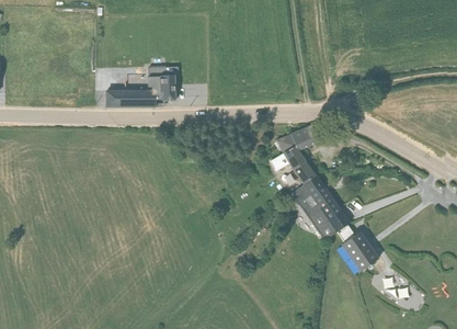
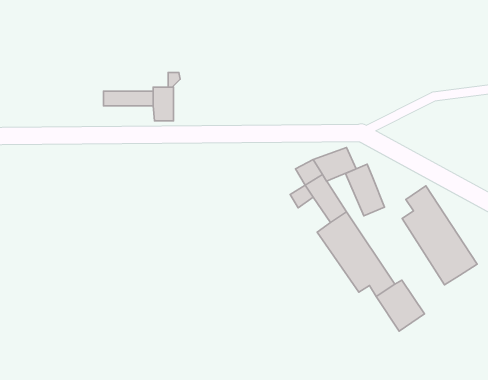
building: [104,89,163,107] -> none
building: none -> [346,164,384,216]
building: none -> [402,186,477,285]

